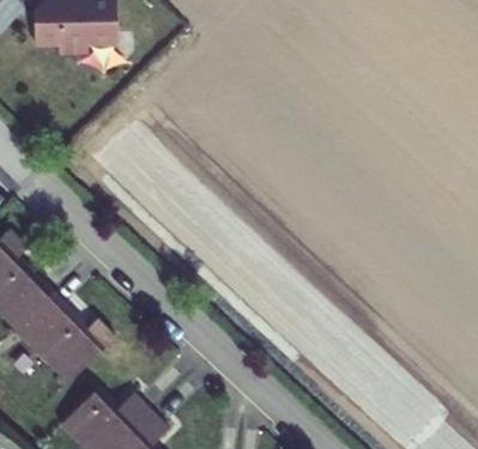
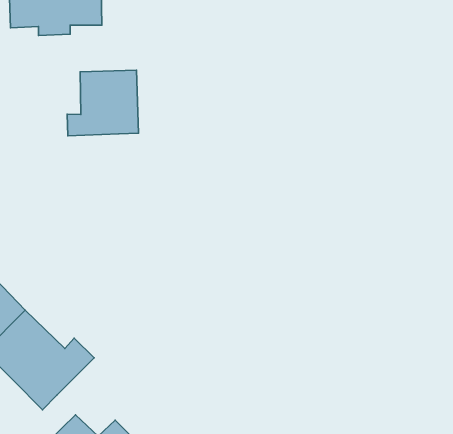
building: none -> [67,70,139,136]

